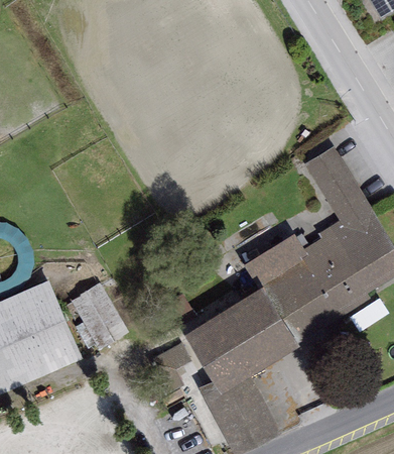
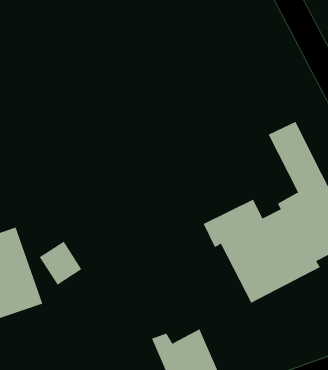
building: [185,282,300,389] -> none

